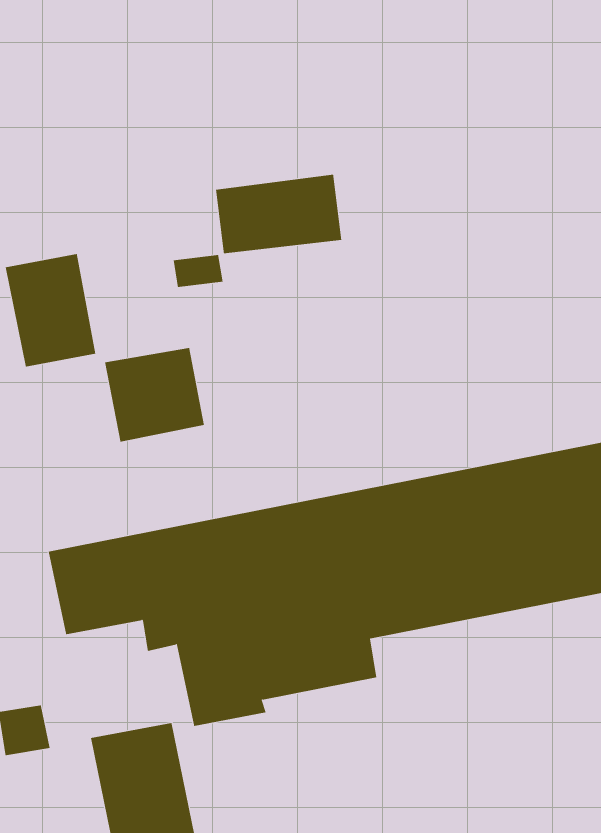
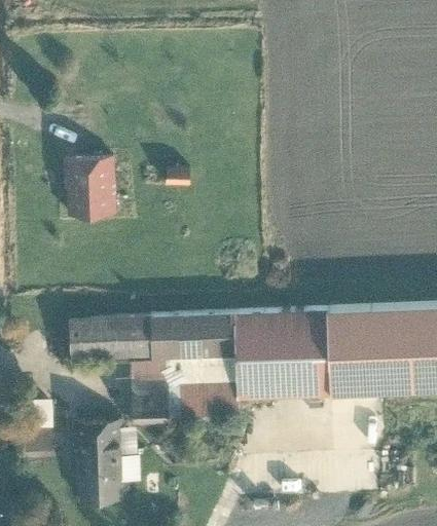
building: [215,174,342,254] -> none
building: [105,347,204,442] -> none

